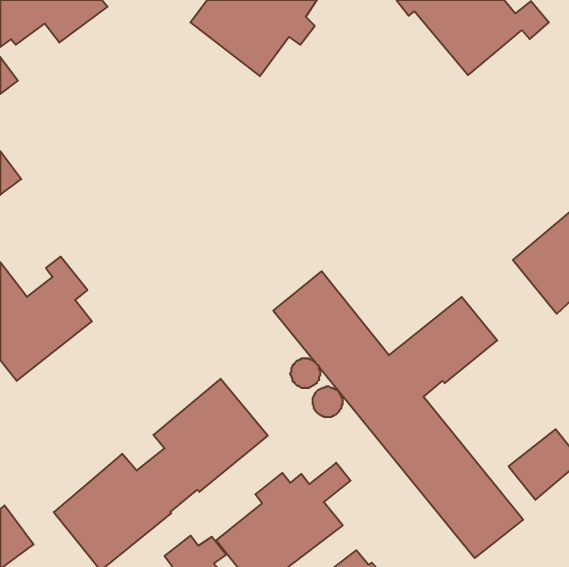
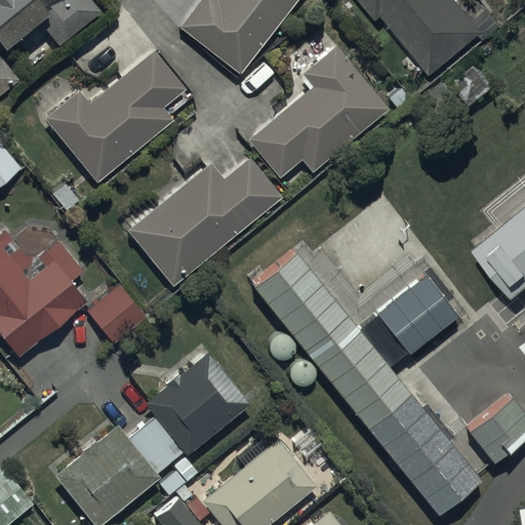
building: none -> [247,44,389,178]
building: none -> [45,49,187,183]
building: none -> [127,156,283,286]
building: none -> [85,283,148,346]

